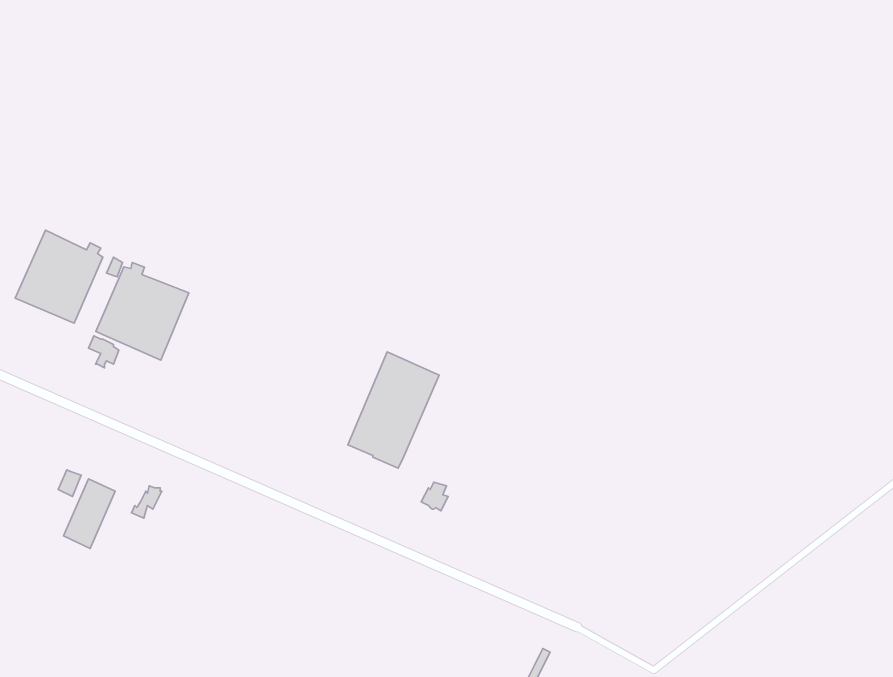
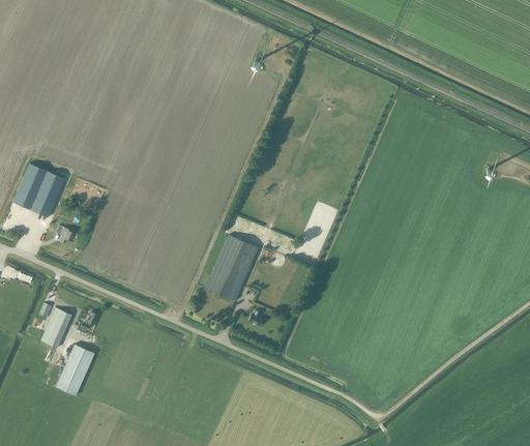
building: [96,262,189,360] -> none
building: none -> [56,344,95,395]

